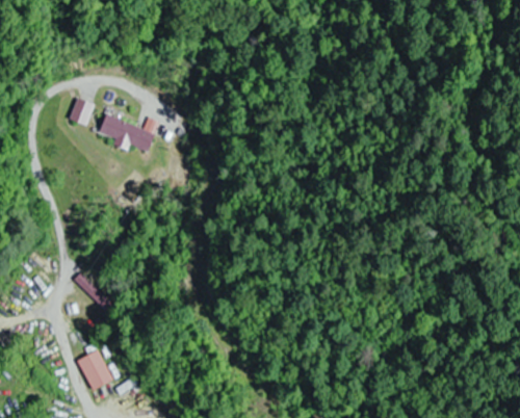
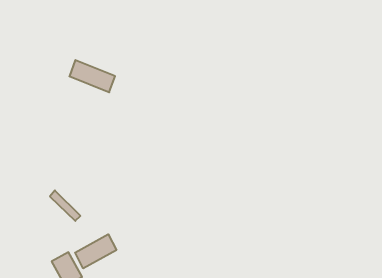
building: [70,97,95,125] -> none
building: none -> [75,234,116,268]

